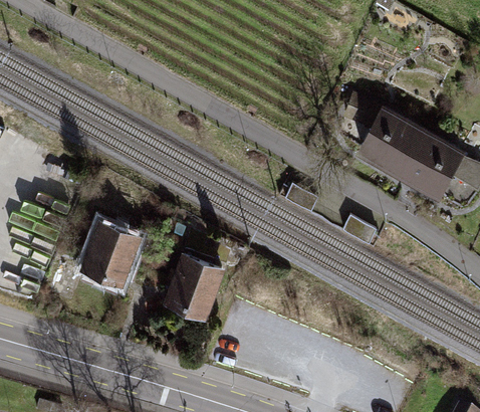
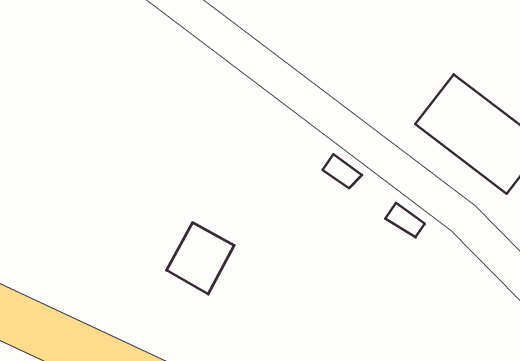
building: [84,225,139,282] -> none

